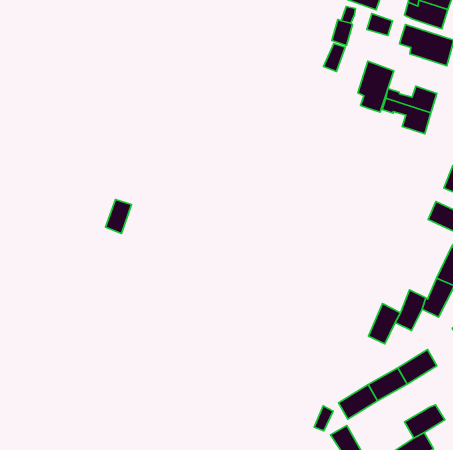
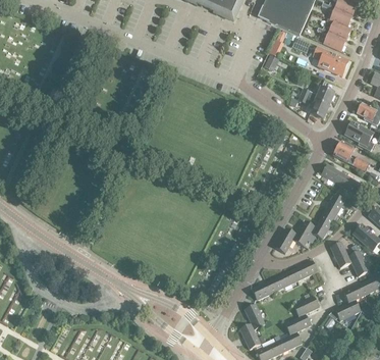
building: [358,61,394,112] -> none

